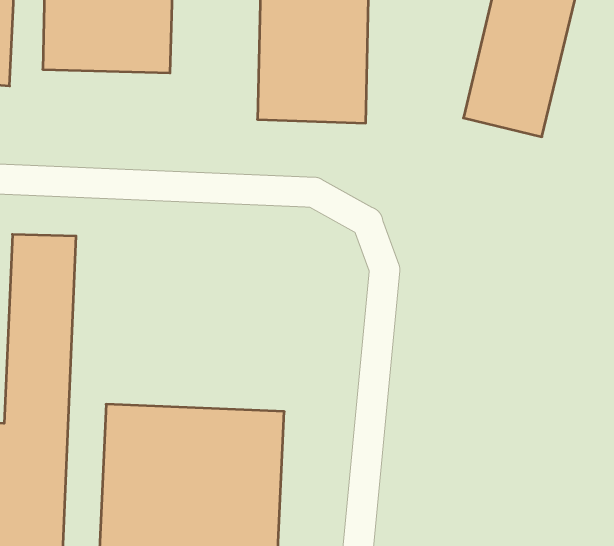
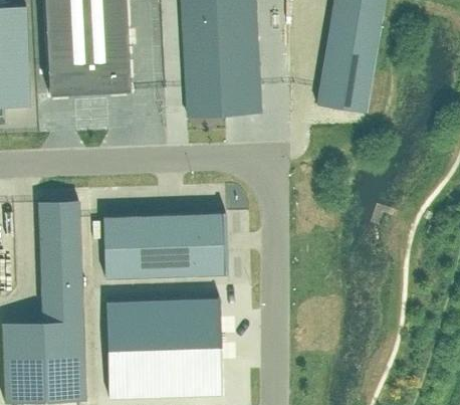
building: none -> [103,215,226,279]

